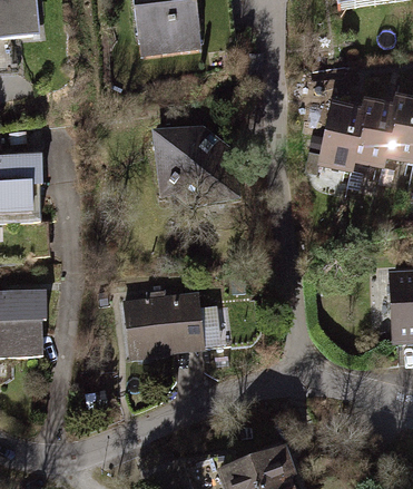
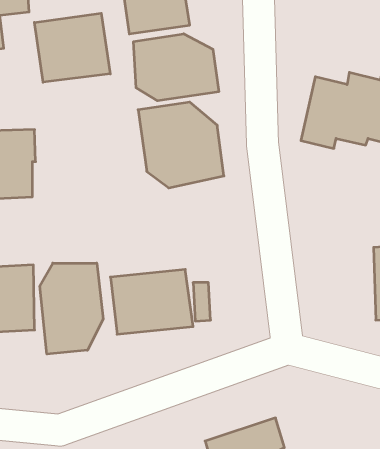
building: none -> [34,13,110,82]
building: none -> [134,34,219,101]
building: none -> [40,263,103,354]

